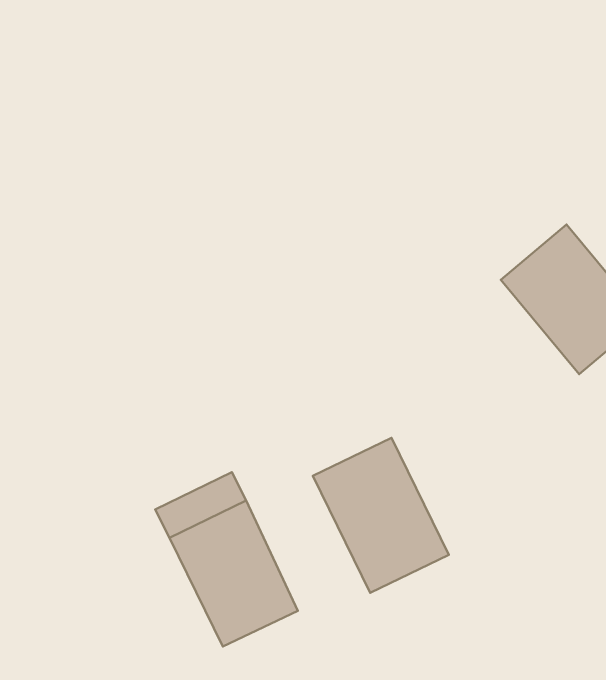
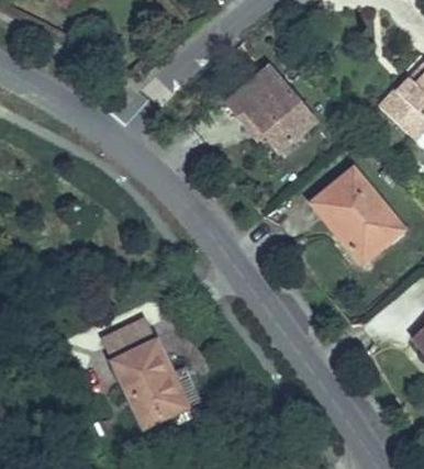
building: none -> [228,66,313,149]
building: [313,438,449,593] -> none

